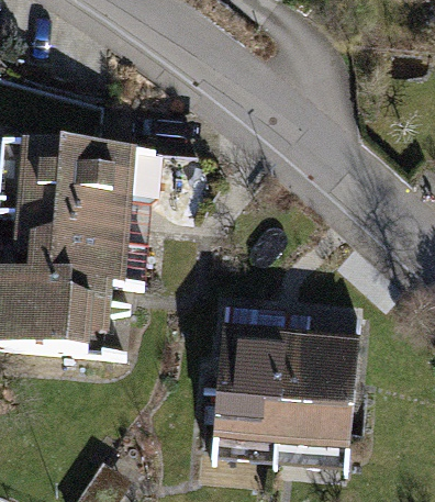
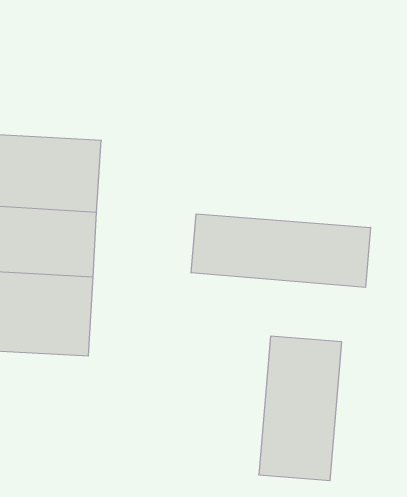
building: none -> [191,214,371,287]
building: [213,333,290,469] -> none

